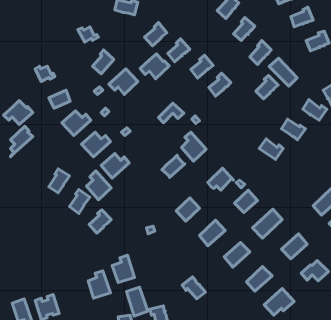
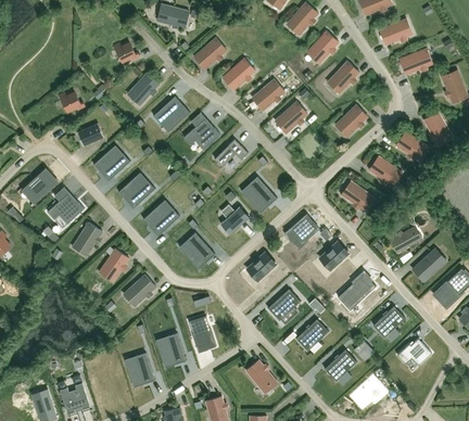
building: [140,54,169,79] -> [182,118,219,150]
building: [269,58,297,86] -> none
building: [4,101,33,125] -> [47,193,84,224]
building: [86,171,111,200] -> [182,231,214,268]
building: none -> [388,226,421,252]
building: [127,287,148,316] -> [188,314,215,350]

